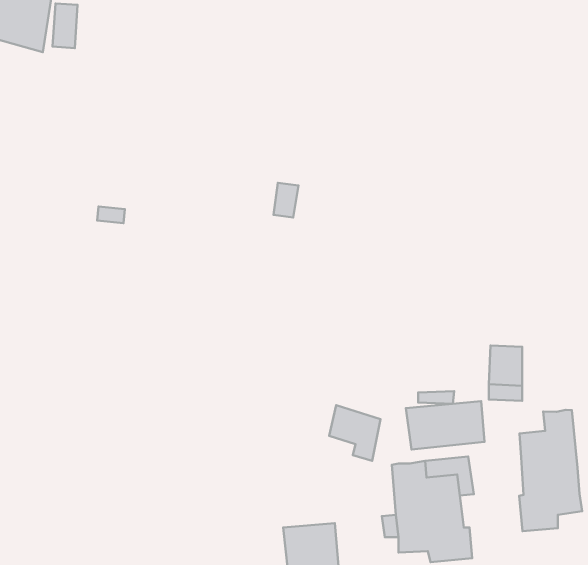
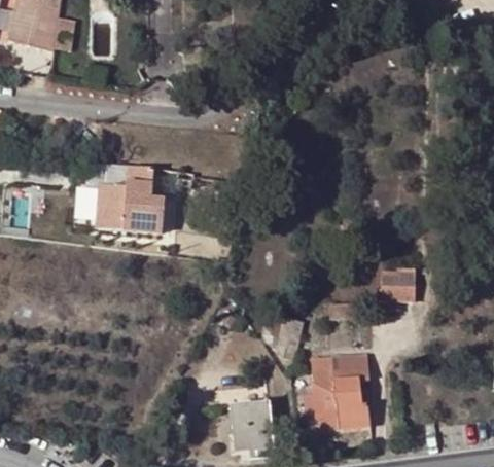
building: none -> [96,165,164,232]
building: [406,401,485,449] -> none
building: [519,410,582,531] -> none

